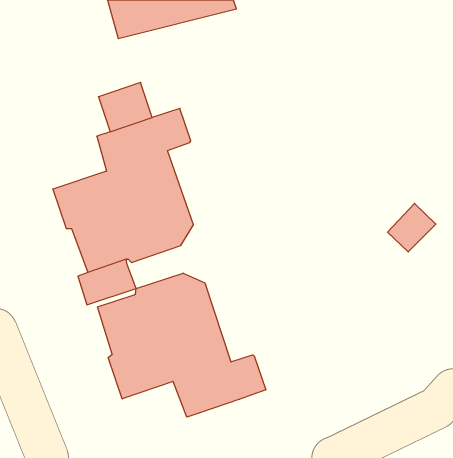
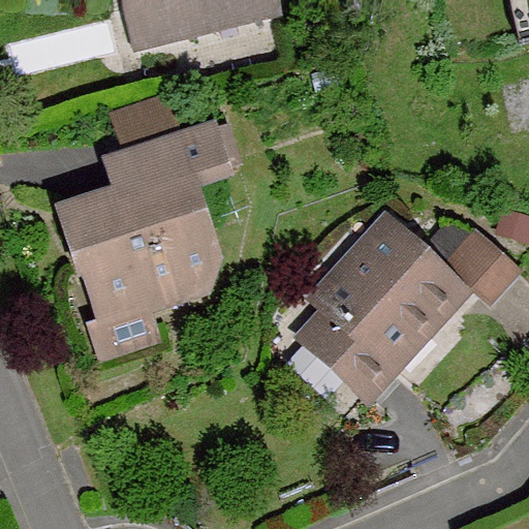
building: none -> [304,226,460,385]
building: [97,273,266,417] -> none

